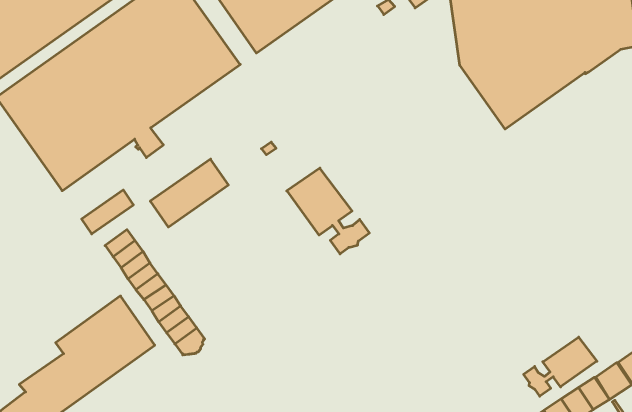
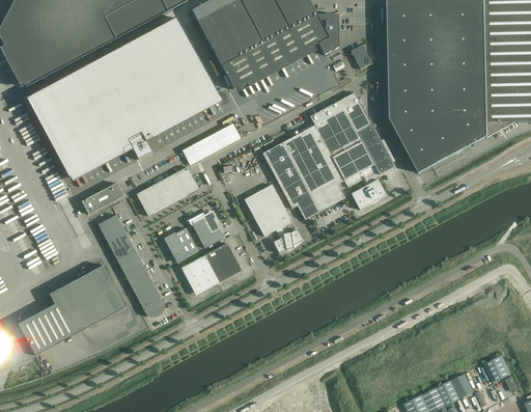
building: none -> [262,91,394,219]
building: none -> [181,122,241,164]
building: none -> [192,212,224,247]
building: none -> [166,226,198,260]
building: none -> [180,242,240,293]
building: [524,337,597,396] -> none

